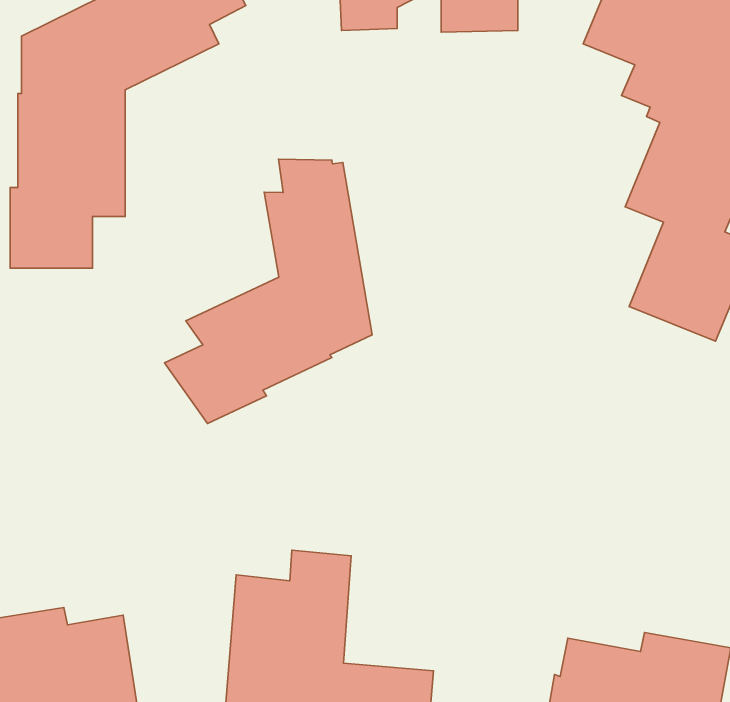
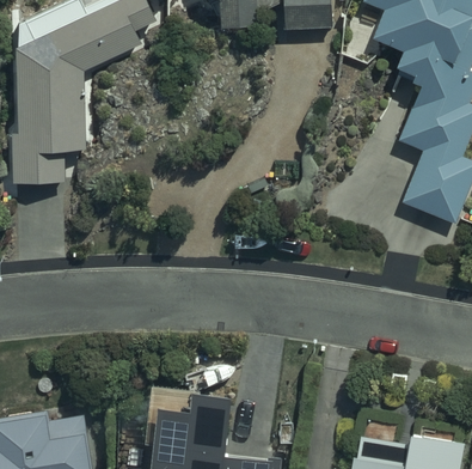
building: [165,159,372,424] -> none

